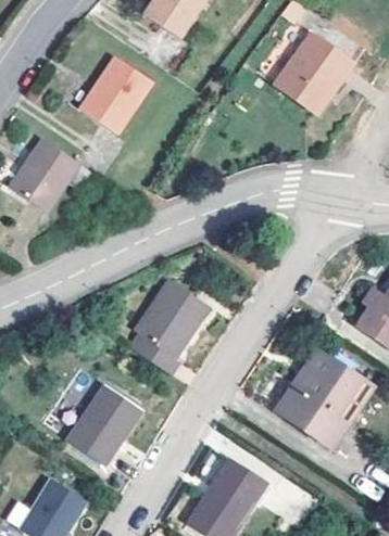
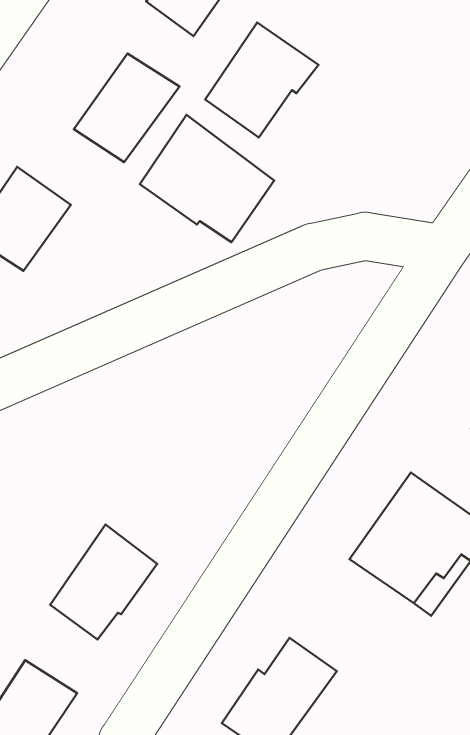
building: [274,34,352,113] -> [205,22,319,137]
building: none -> [140,115,274,242]
building: [130,282,206,375] -> none

